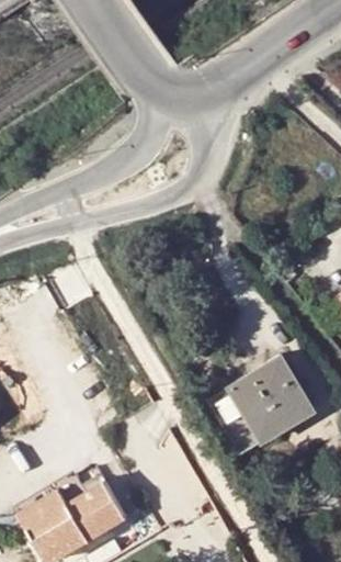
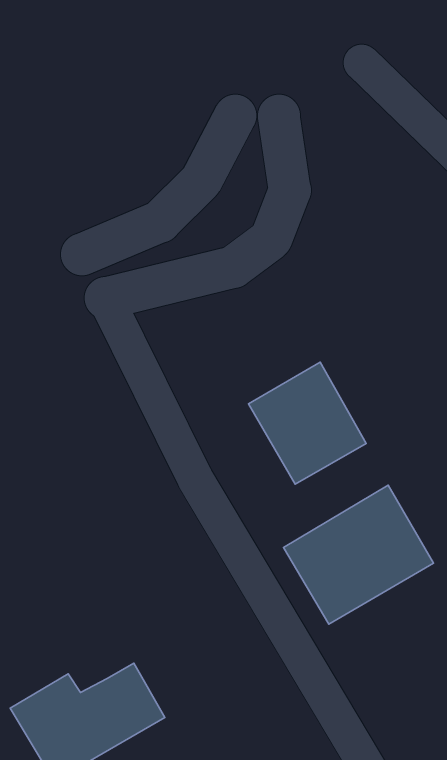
building: none -> [248,362,366,484]

